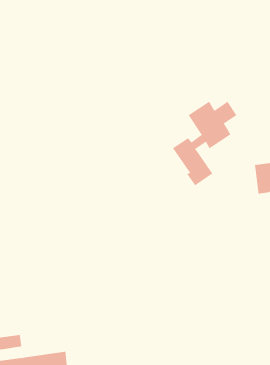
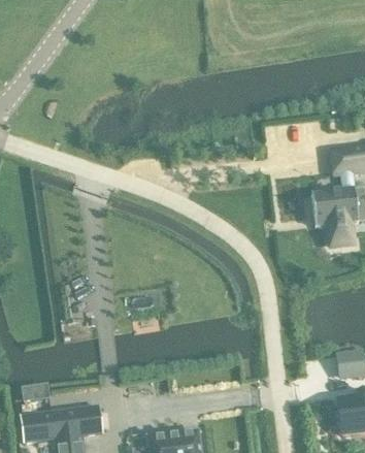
building: [172,101,237,186] -> none

